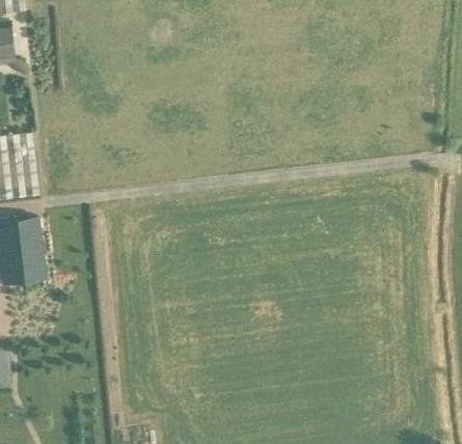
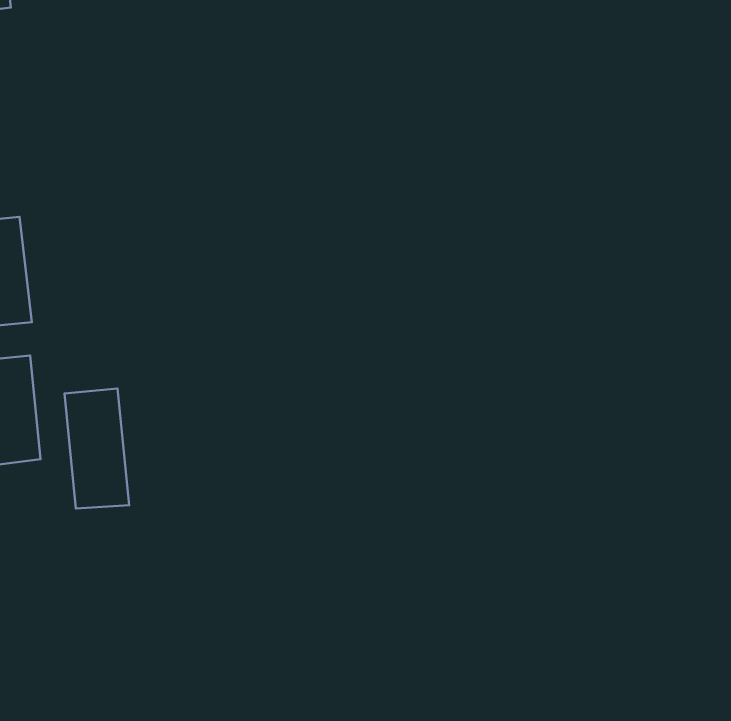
building: none -> [65,388,129,509]

